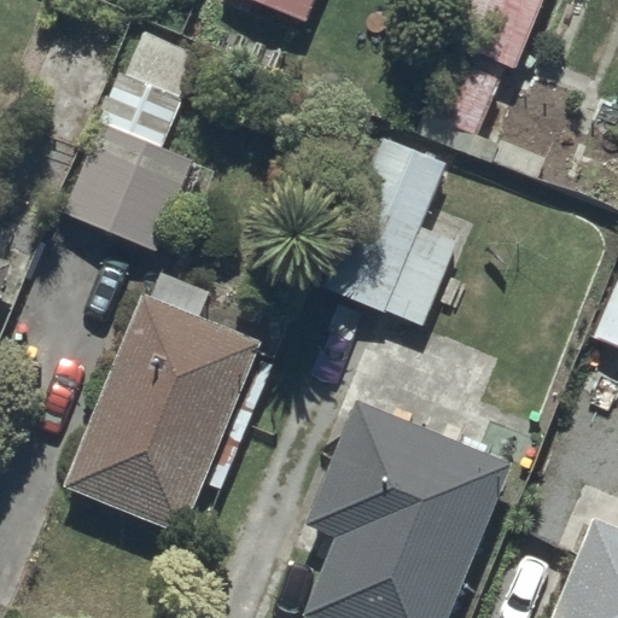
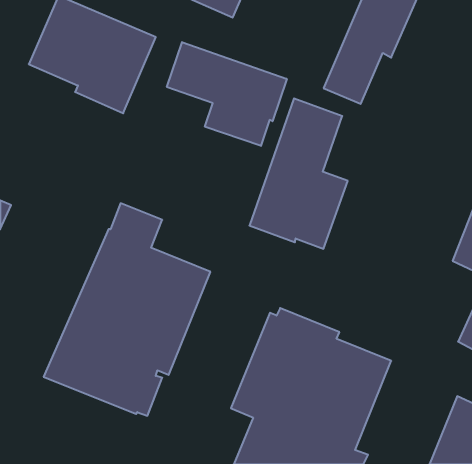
building: none -> [167,42,287,146]
building: [64,132,194,253] -> none

